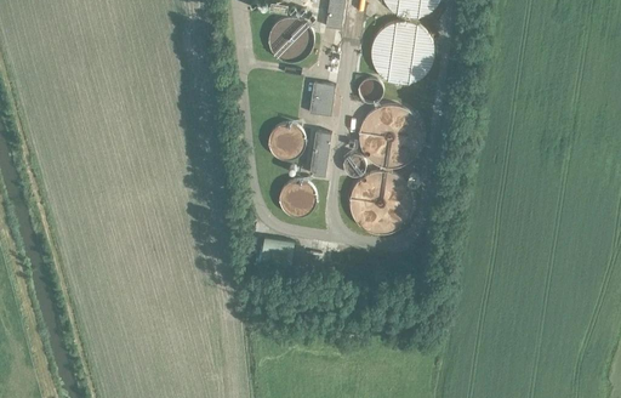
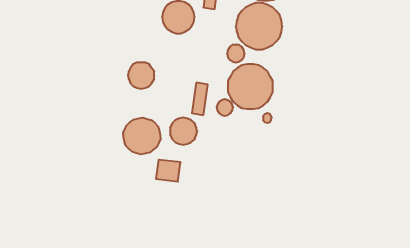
building: [308,81,335,115] -> none
building: [268,123,304,159] -> [128,63,154,89]
building: [349,170,411,232] -> none
building: none -> [123,118,160,154]

